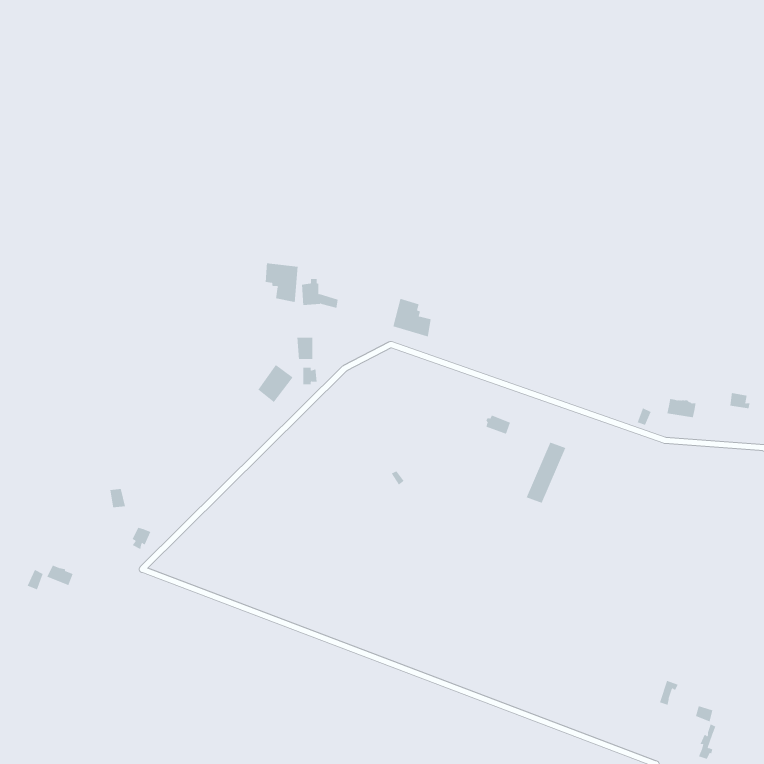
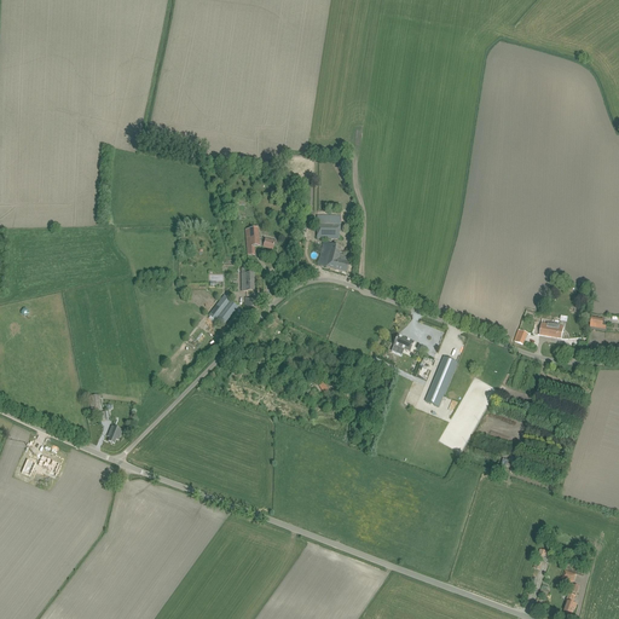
building: [265,263,298,303] -> none
building: none -> [316,215,340,238]

